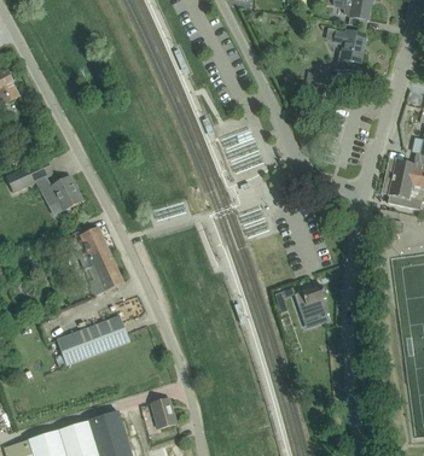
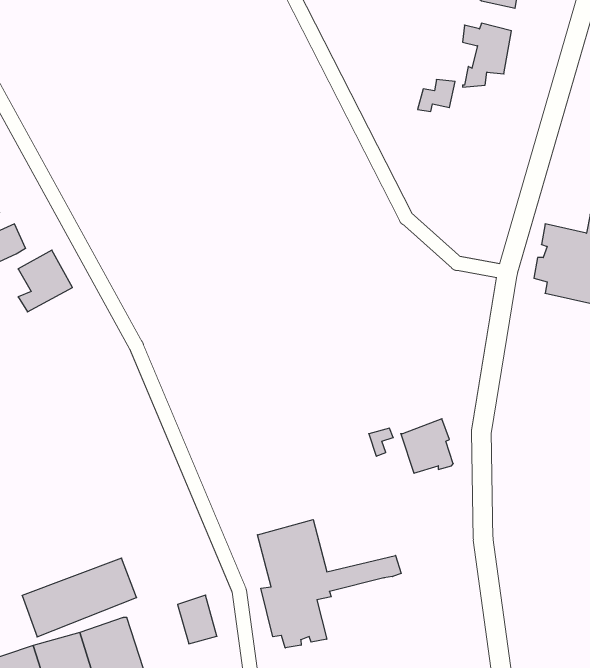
building: [77,226,122,294] -> none
building: [56,315,129,366] -> [22,558,137,637]
building: none -> [257,520,401,648]

